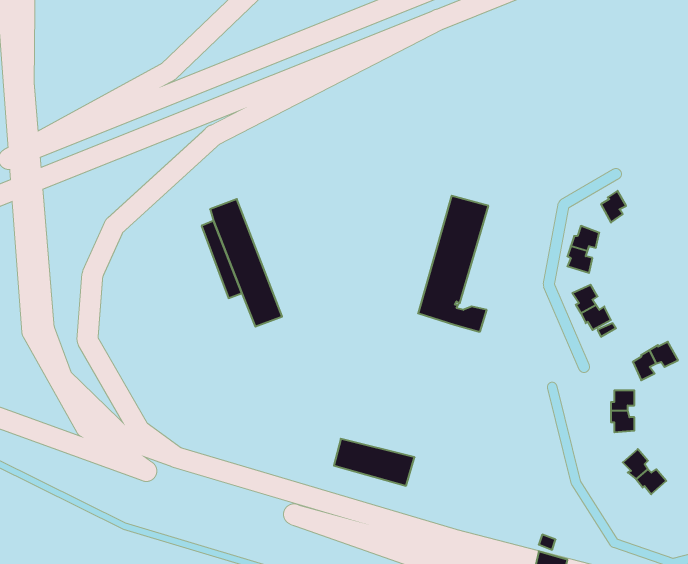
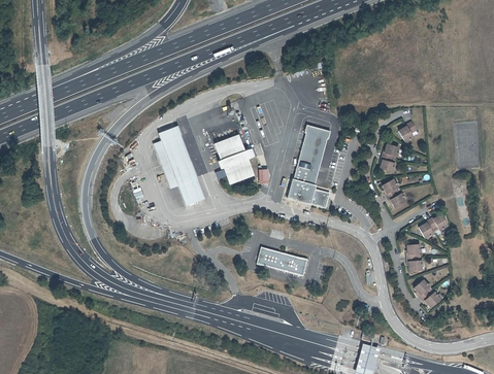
building: none -> [216,135,254,183]
building: [334,439,415,486] -> [258,247,307,276]

